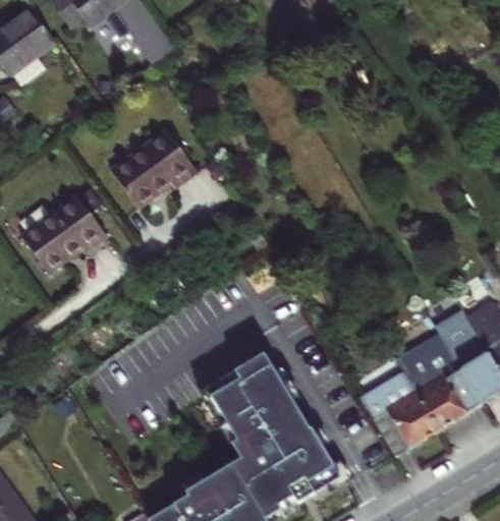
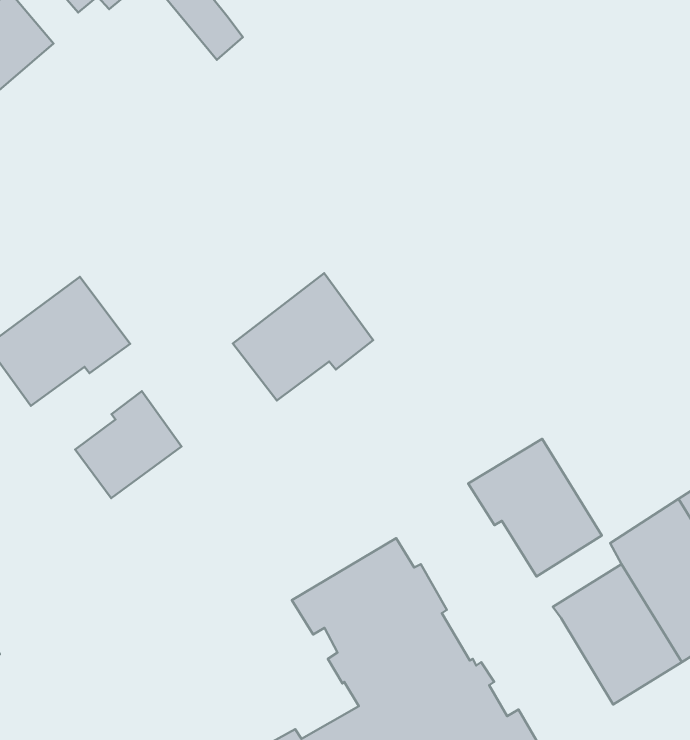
building: [103,119,190,198] -> [233,273,373,401]
building: none -> [75,391,181,498]
building: none -> [468,439,602,576]

